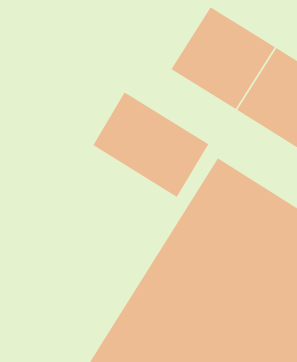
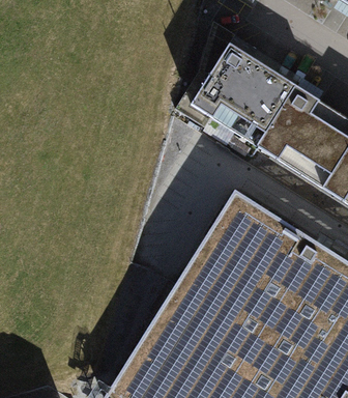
building: [92,92,209,198] -> none

